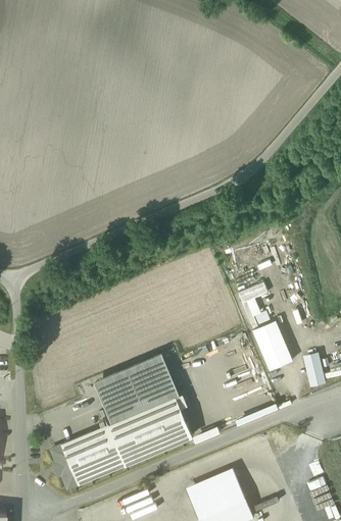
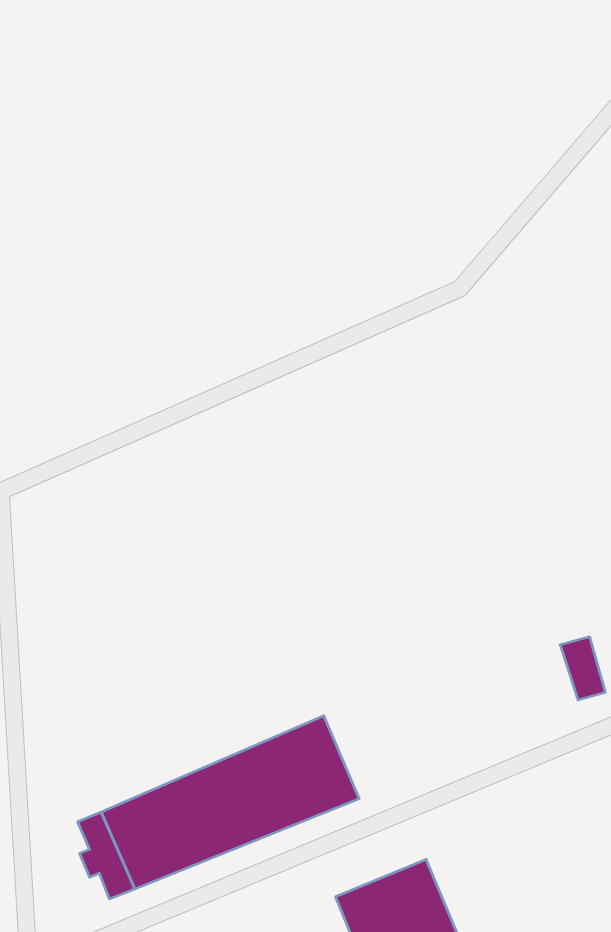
building: [252,320,293,371] -> none
building: [93,354,179,423] -> none

